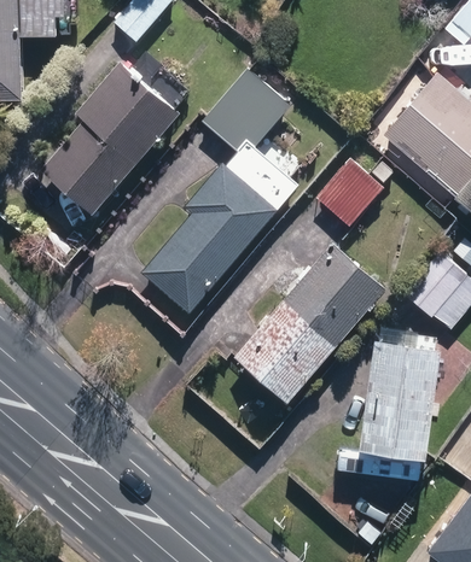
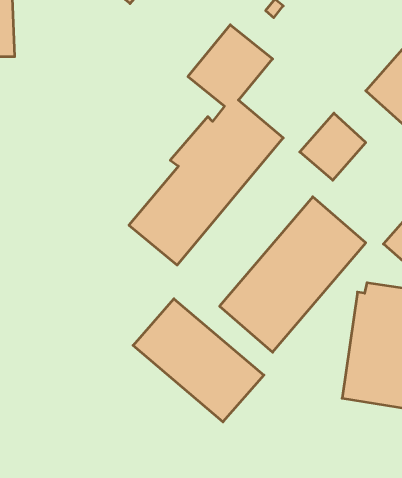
building: [41,64,179,215] -> none
building: none -> [133,299,264,422]

